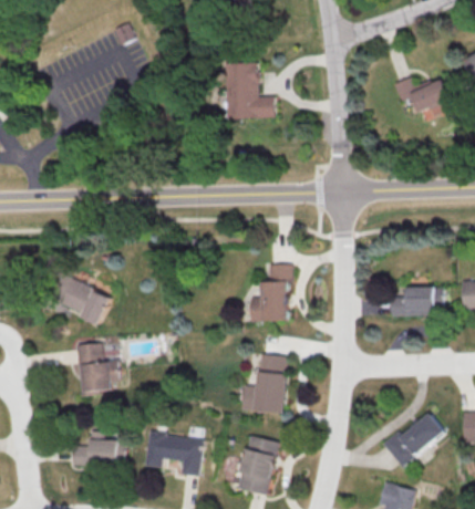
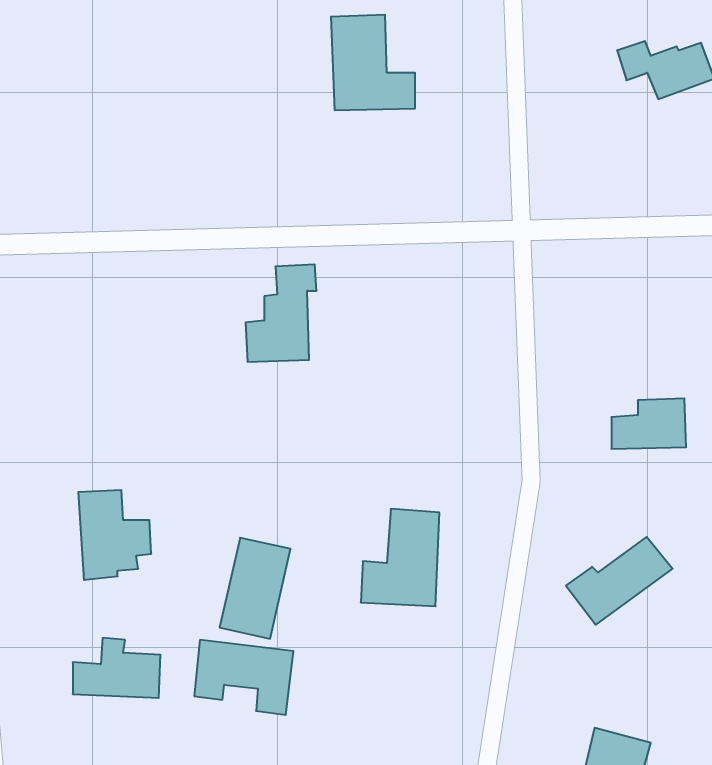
building: [249,263,291,321] -> [246,264,317,362]
building: [53,276,110,322] -> none
building: [380,414,443,466] -> [566,537,673,625]
building: [237,435,279,495] -> [220,538,291,639]

